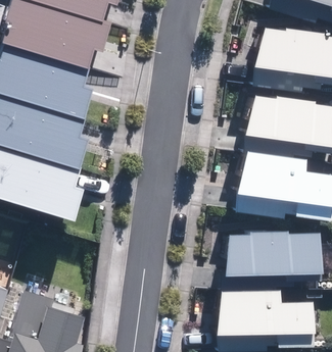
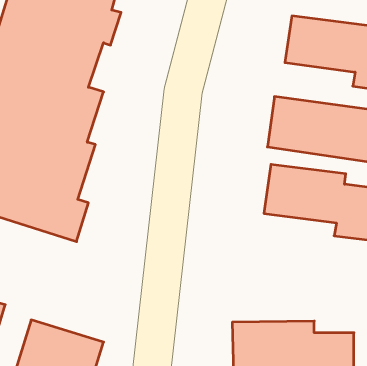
building: [223,229,320,276] -> none

